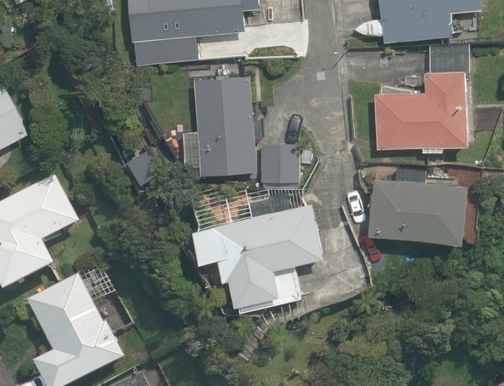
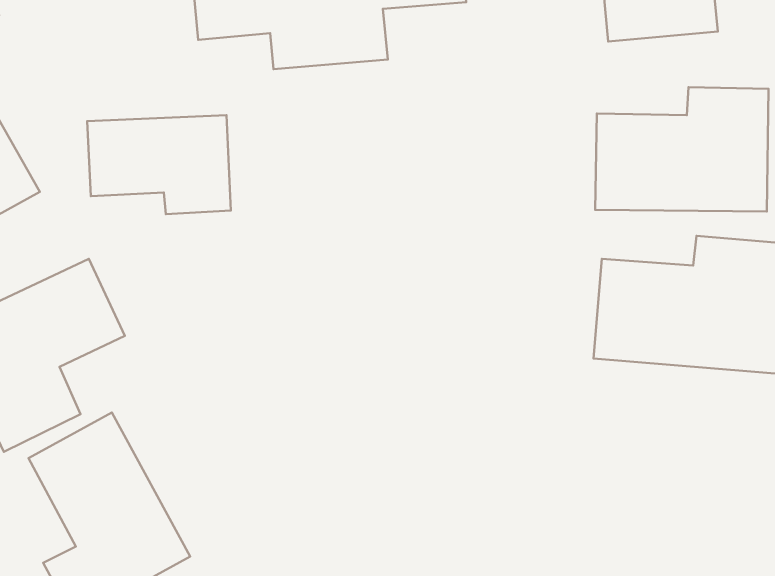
building: [173,73,295,179] -> none
building: none -> [87,115,231,214]
building: [190,200,328,308] -> none

